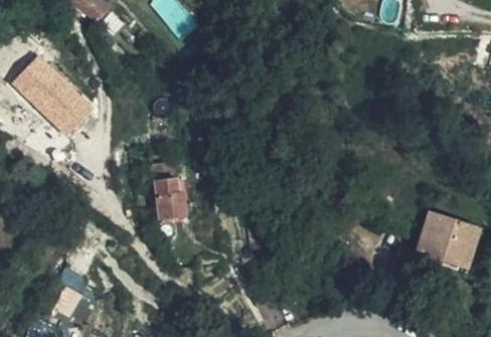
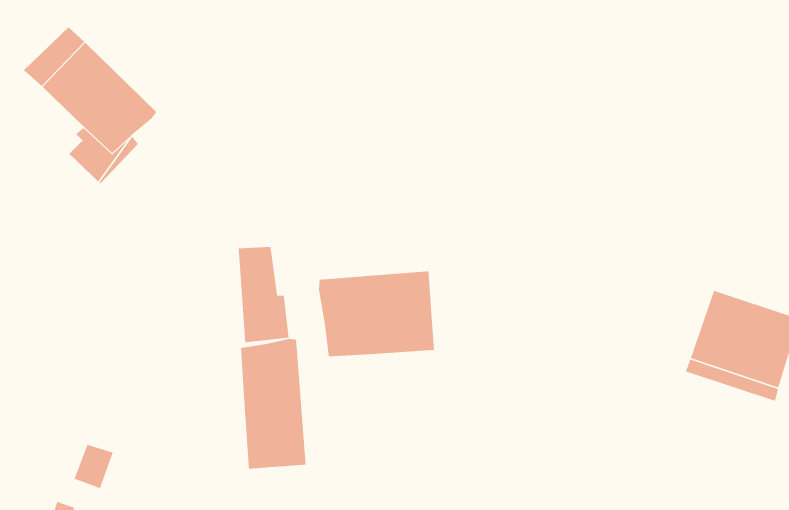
building: none -> [318,270,435,357]
building: none -> [240,338,306,469]

